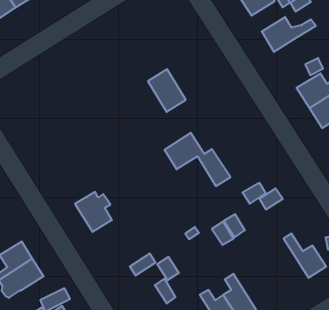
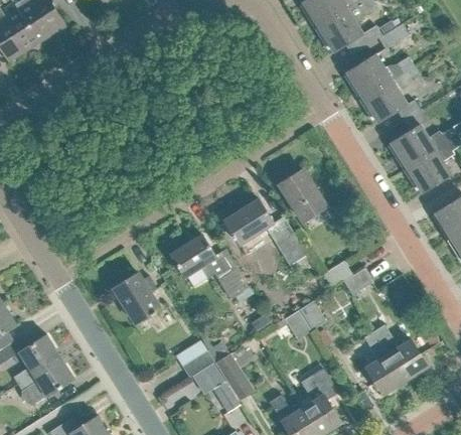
building: none -> [361,65,419,123]
building: [148,69,186,112] -> [279,169,326,223]
building: none -> [170,235,248,298]
building: none -> [363,331,405,395]

